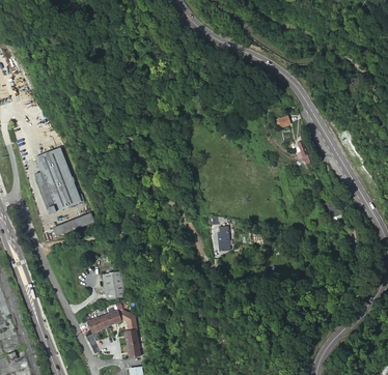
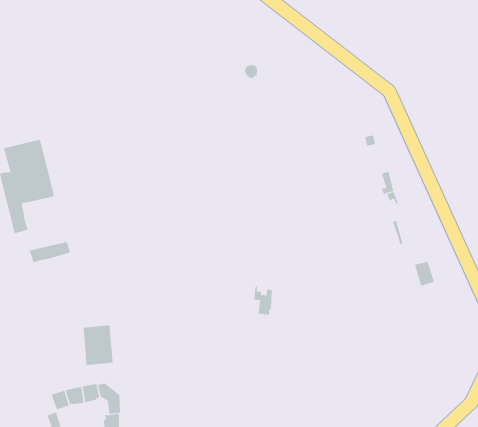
building: [51,184,80,209] -> none

